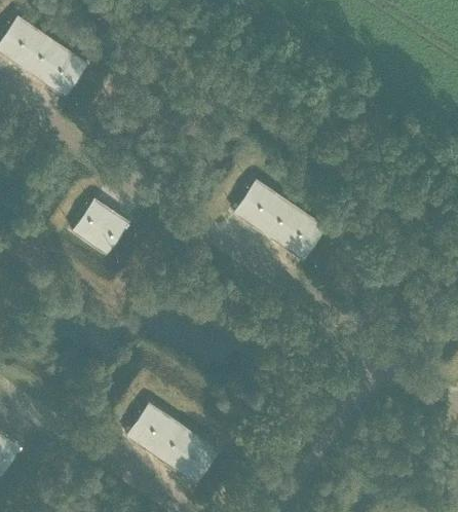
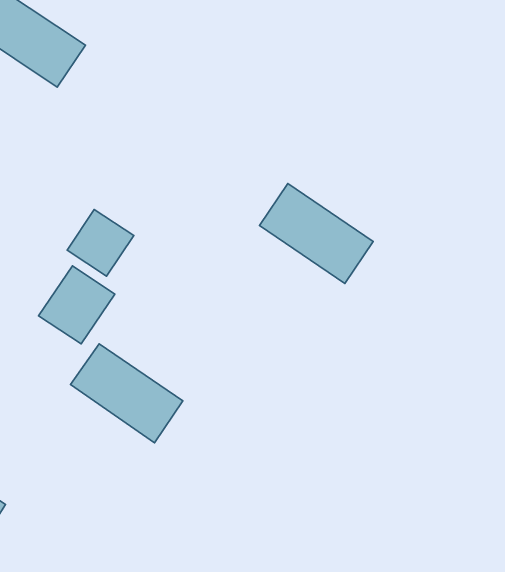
building: none -> [39,266,115,344]
building: [126,403,220,485] -> [71,344,183,443]

